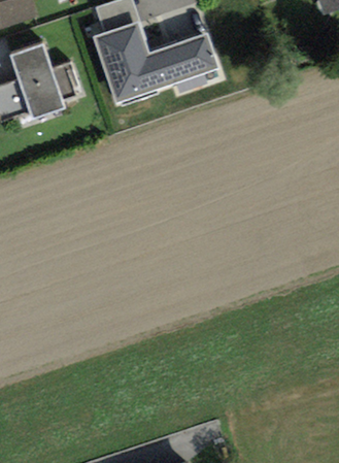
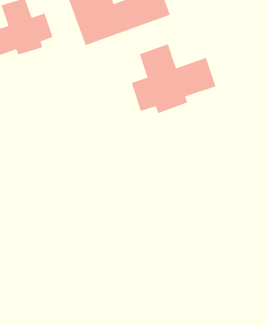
building: none -> [131,43,216,114]

